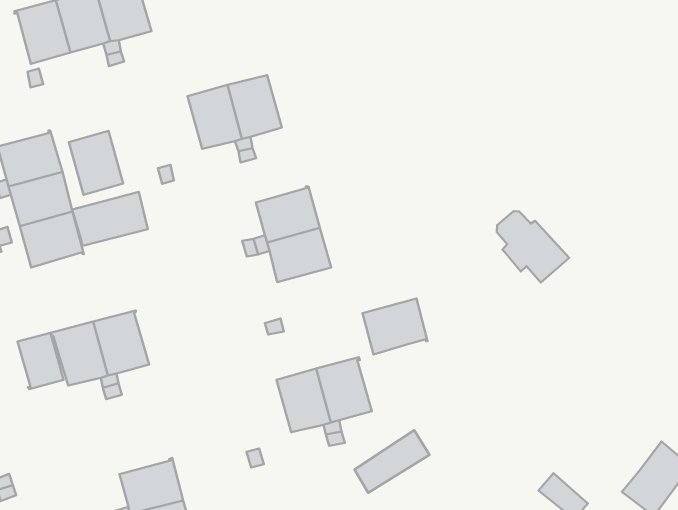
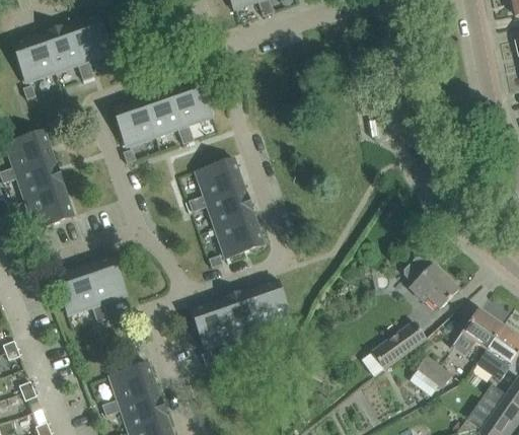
building: [69,131,123,195] -> [114,99,155,147]
building: [72,192,148,246] -> none
building: [497,211,569,283] -> [405,260,459,310]
building: [362,299,428,354] -> [216,217,265,260]
building: [17,333,63,389] -> none
building: none -> [191,301,233,349]
building: none -> [453,311,503,358]
building: [354,430,429,493] -> [373,322,427,370]

